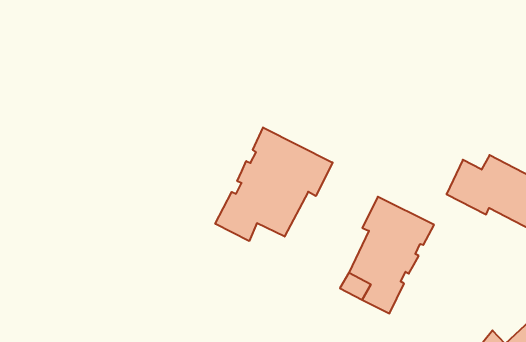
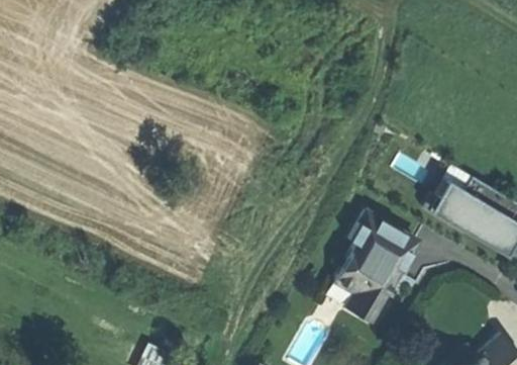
building: [215,127,333,241] -> none

